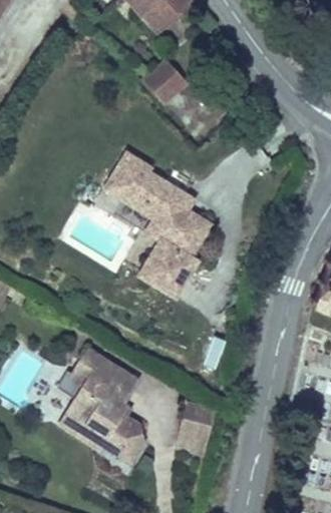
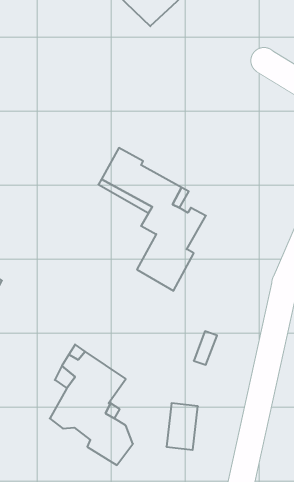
building: [141,64,186,107] -> none

